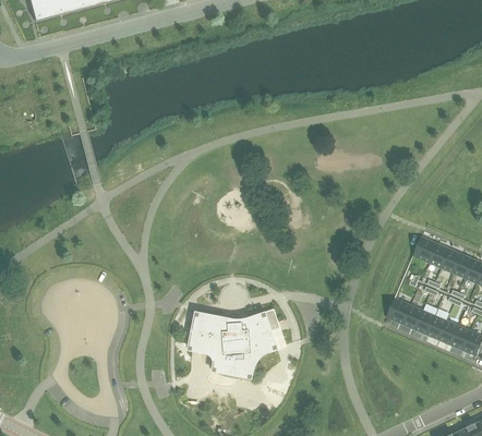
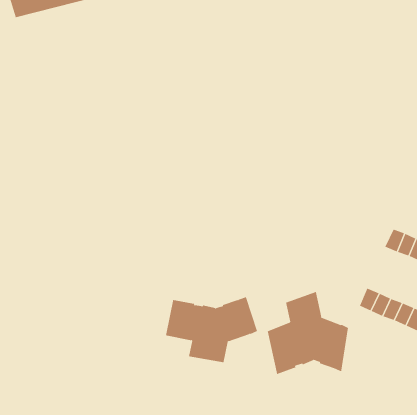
building: none -> [267,291,348,375]

